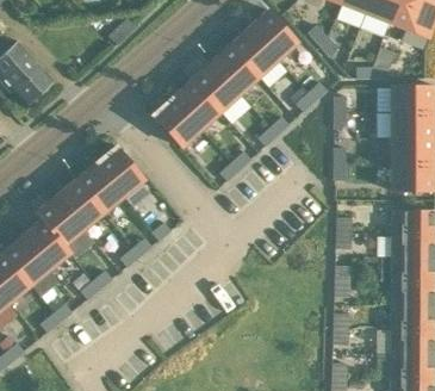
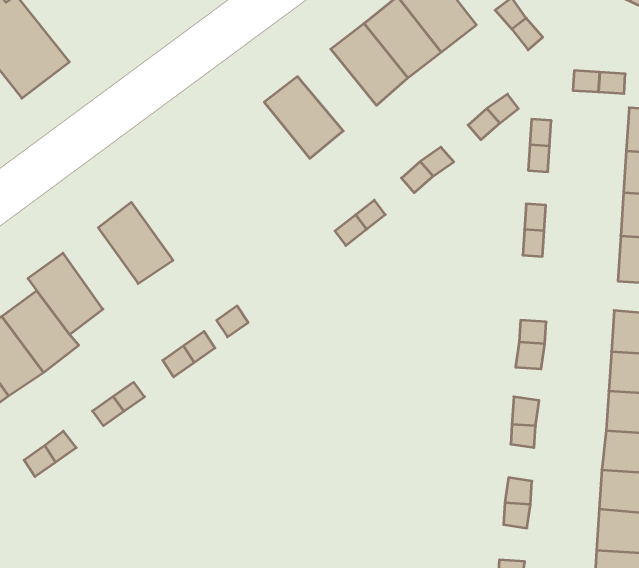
building: [189,63,238,112] -> none
building: [151,98,200,148] -> none
building: [94,147,143,197] -> none
building: [55,180,101,229] -> none

